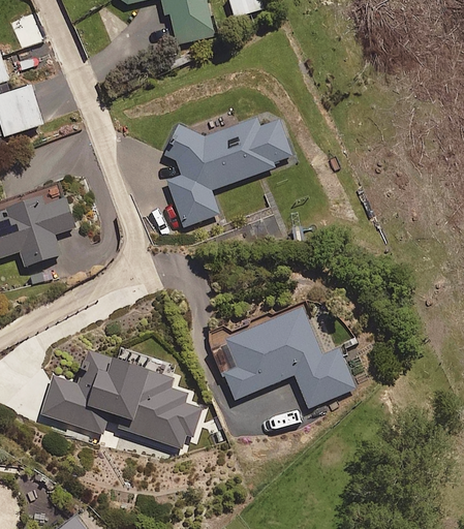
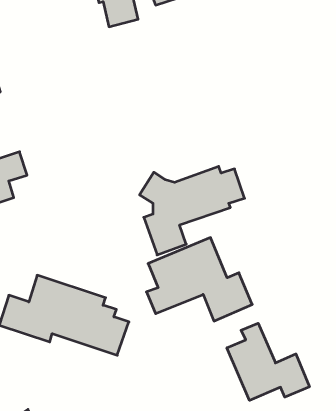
building: [161,117,291,226] -> [140,166,245,255]
building: none -> [227,323,309,400]

